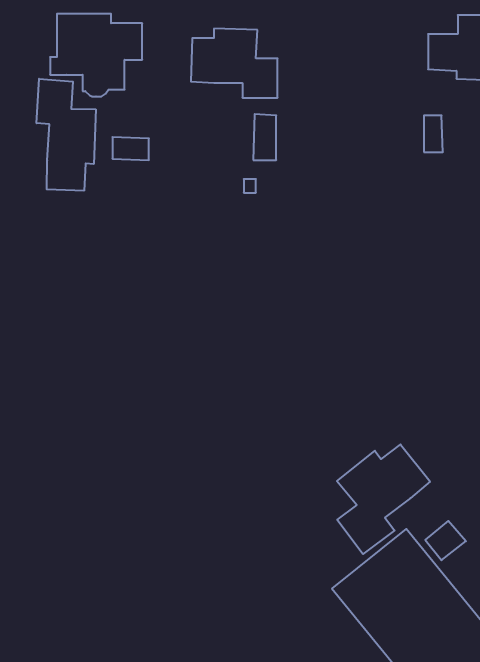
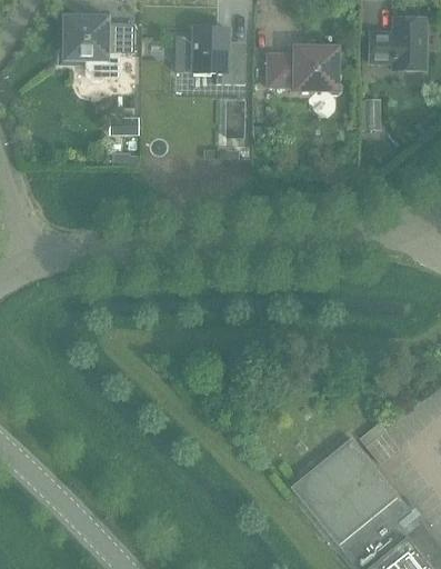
building: none -> [267,44,341,93]
building: [37,79,96,191] -> none
building: [337,444,430,554] -> none

